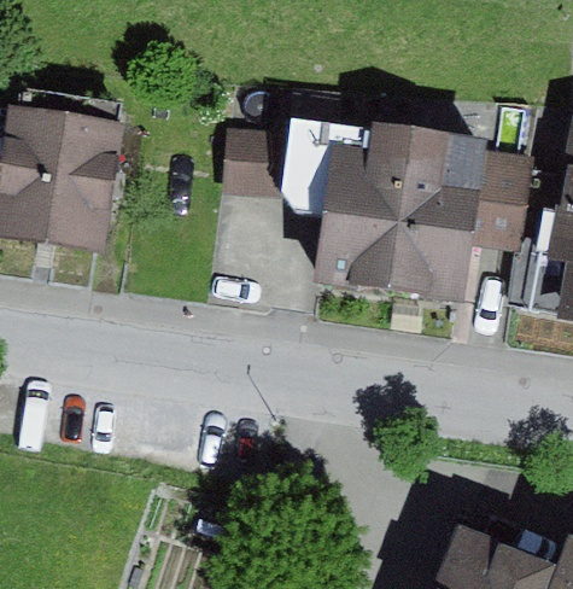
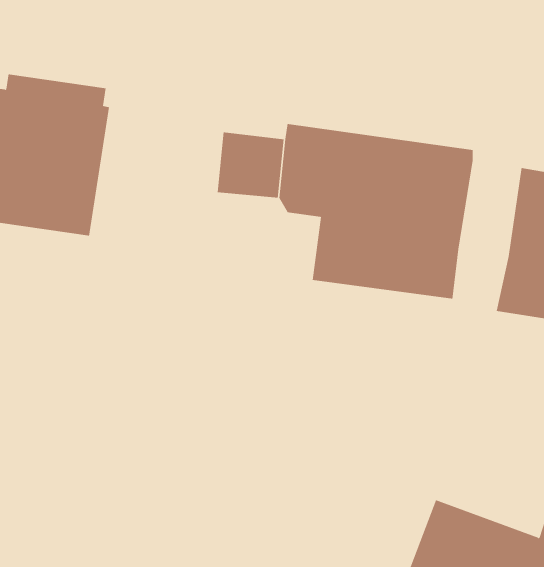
building: [480,168,543,266] -> none

